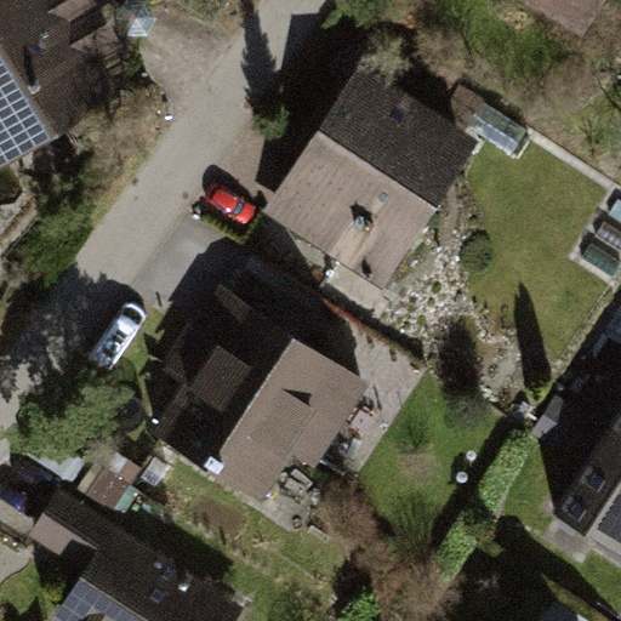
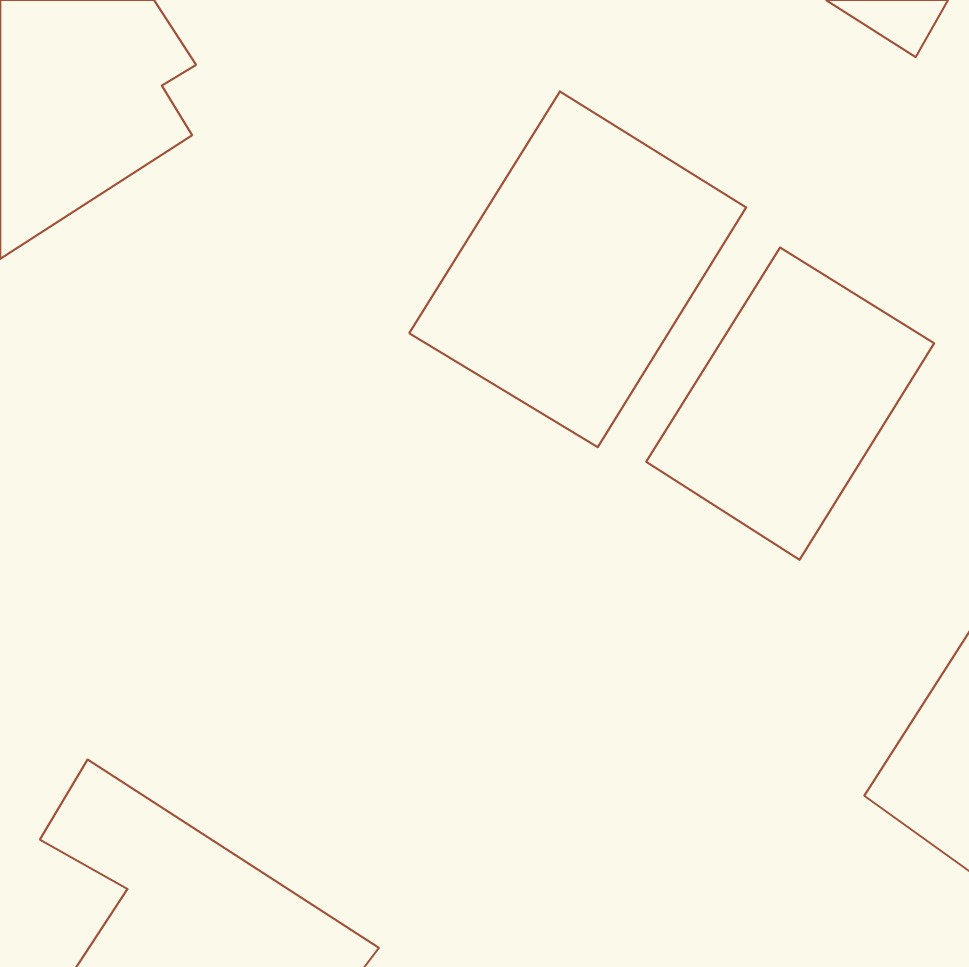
building: none -> [646,247,934,560]
building: [152,286,369,505] -> none

